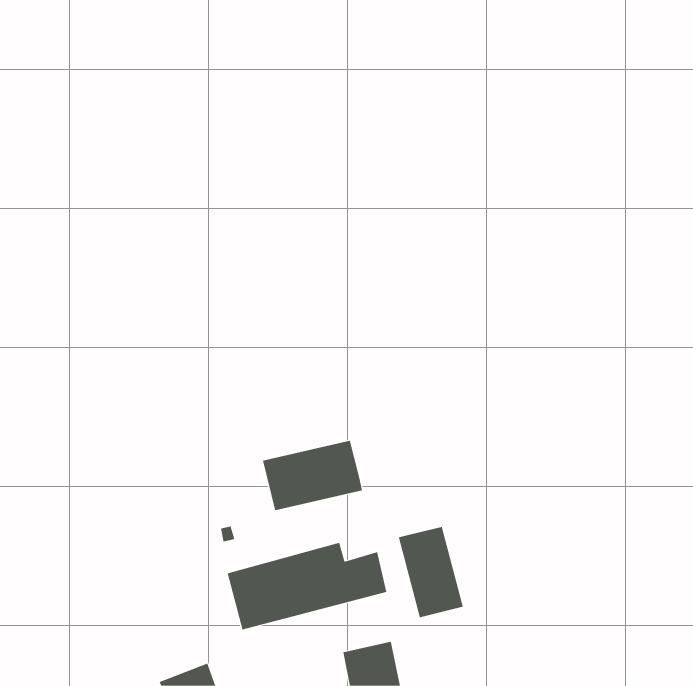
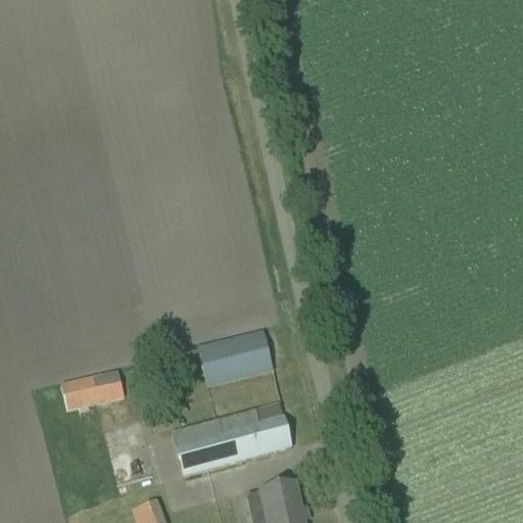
building: none -> [60,369,125,410]
building: [398,526,463,618] -> none

